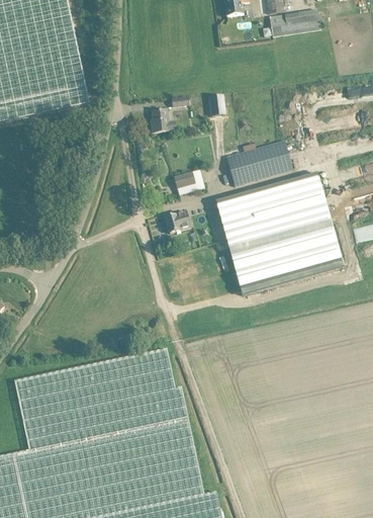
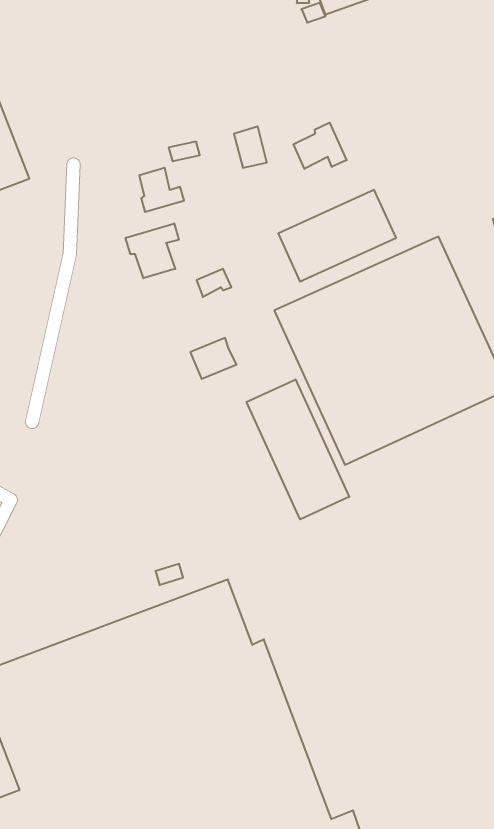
building: none -> [294,123,347,169]
building: none -> [126,223,179,278]
building: none -> [246,379,349,519]

